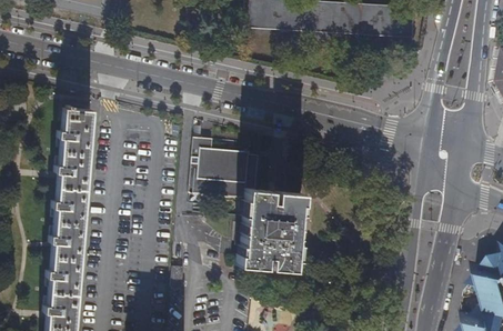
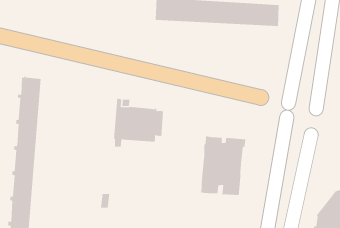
building: [243,188,305,269] -> [200,136,246,195]

